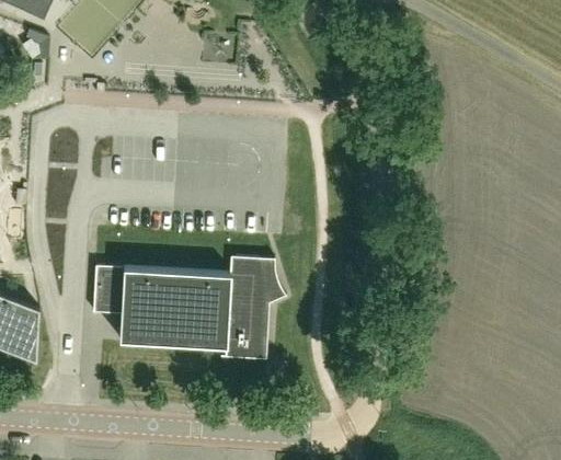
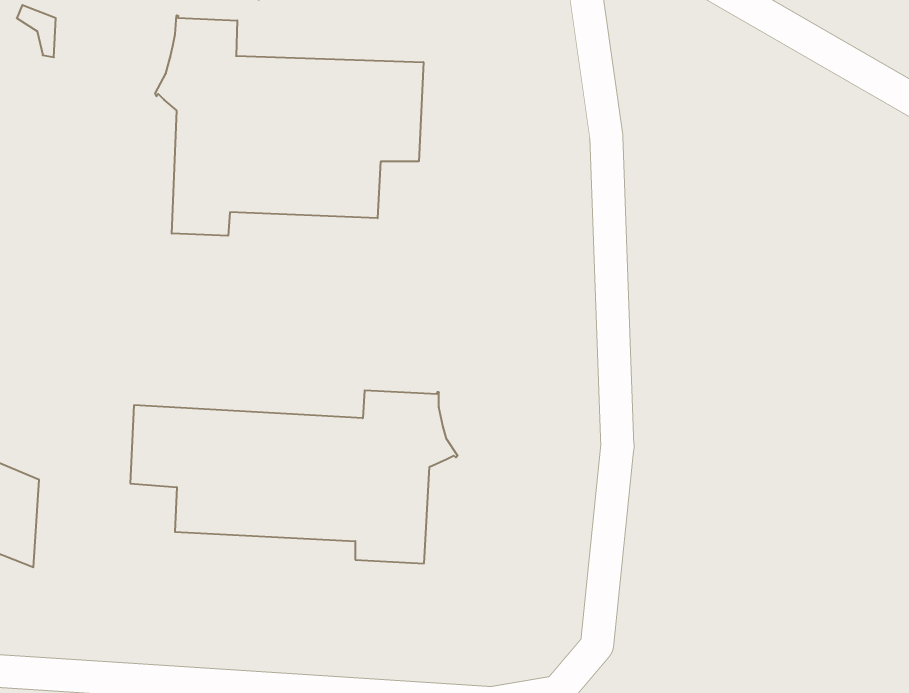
building: none -> [155,15,423,236]

